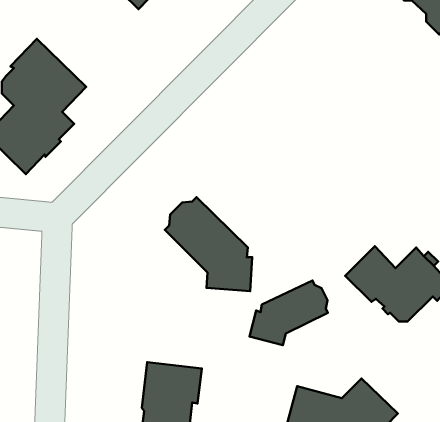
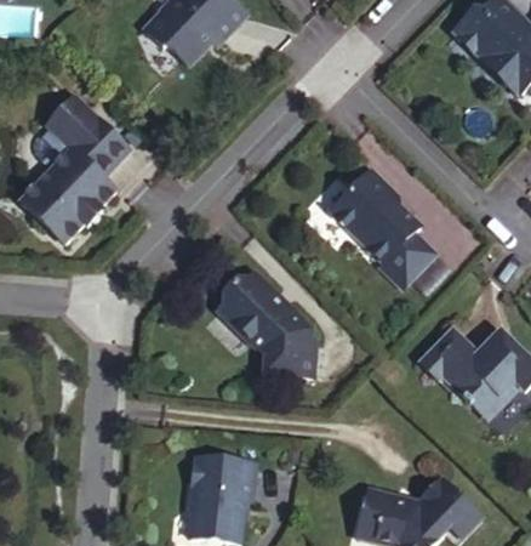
building: none -> [330,170,435,289]
building: [250,280,328,345] -> none

